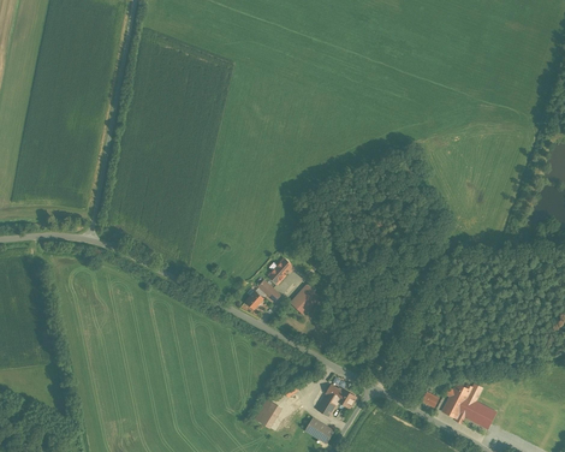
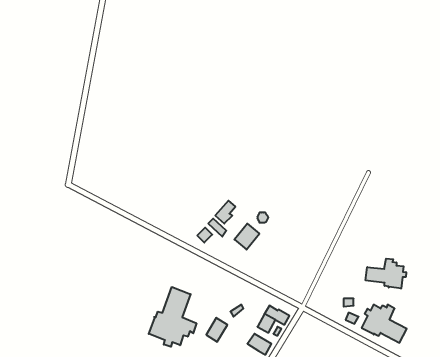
building: none -> [366,259,406,289]
building: none -> [149,287,196,347]

